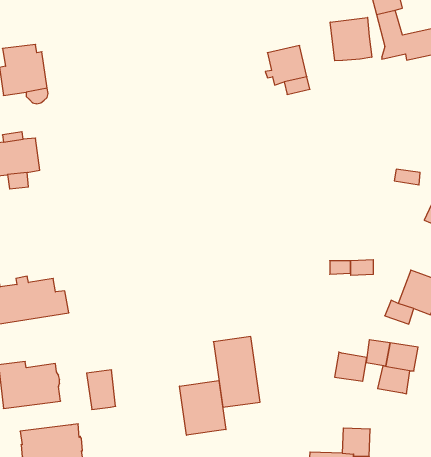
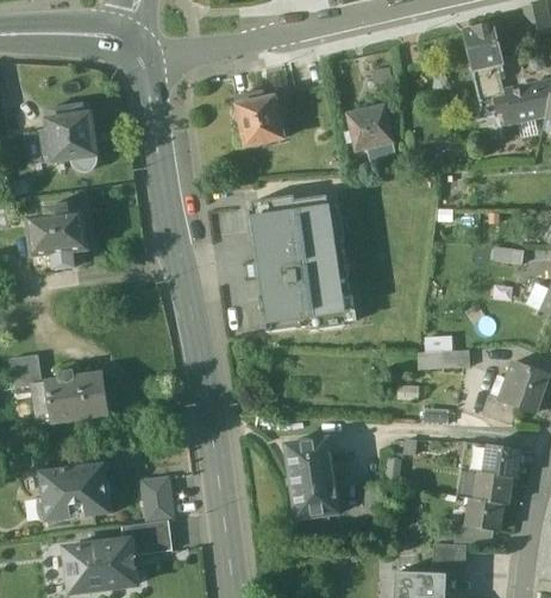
building: [330,17,372,61] -> none
building: none -> [234,90,283,147]
building: none -> [244,195,353,332]
building: [335,352,367,381] -> [465,497,502,530]
building: [180,380,226,435] -> none
building: none -> [121,520,171,555]

